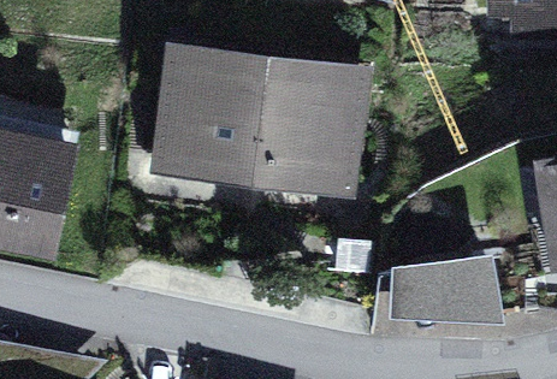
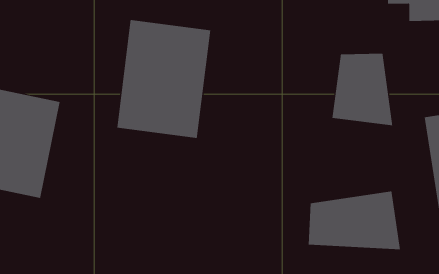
building: [253,52,372,200] -> none
building: none -> [332,53,393,126]

